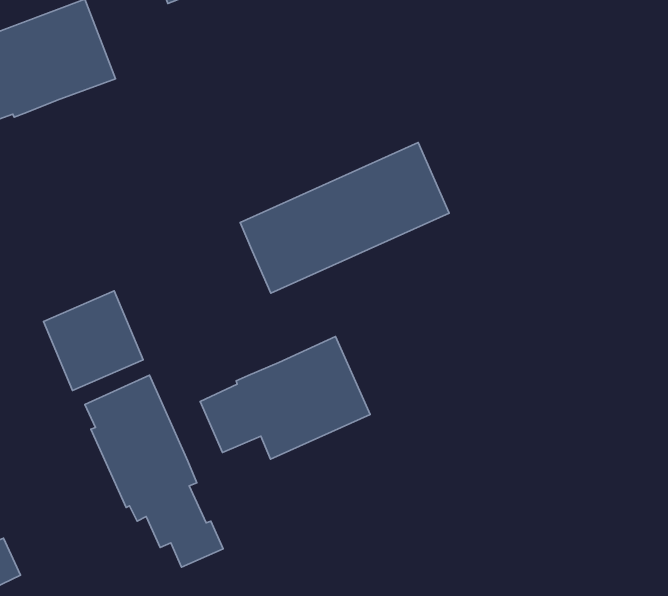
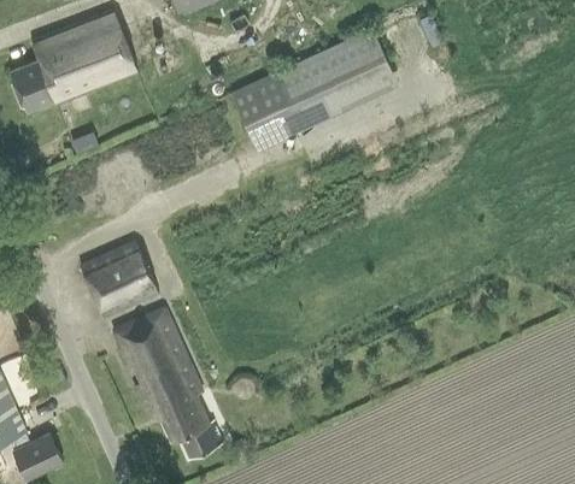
building: [240,143,449,293] -> [233,26,397,144]
building: [200,336,370,459] -> none

